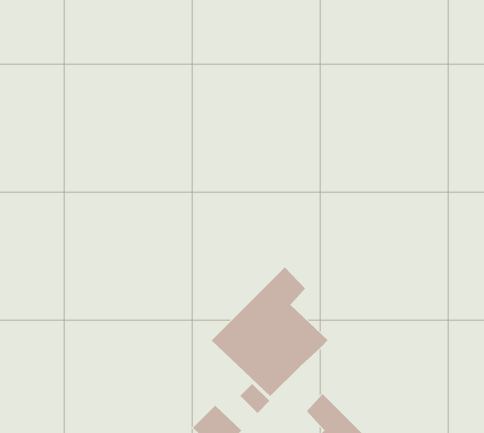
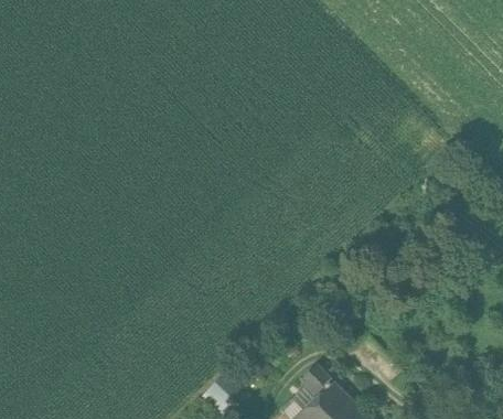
building: [211,267,329,397] -> none

